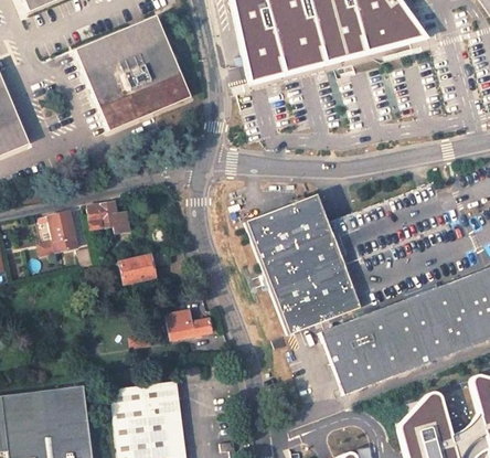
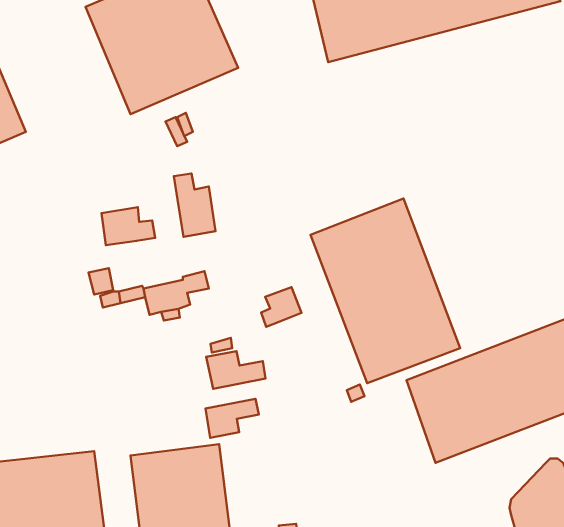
building: none -> [174,174,215,237]
building: [49,210,78,251] -> none
building: none -> [261,287,302,327]
building: none -> [205,399,259,438]

